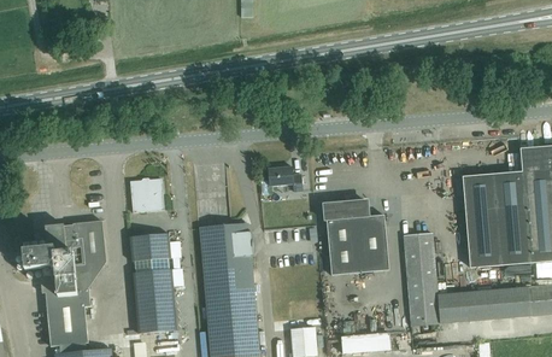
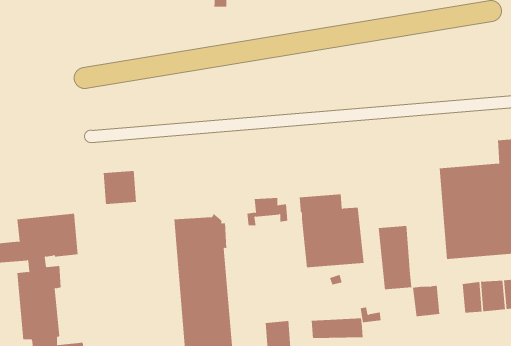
building: [260,166,301,194] -> [247,198,288,226]
building: [129,233,177,333] -> none
building: [462,291,488,321] -> none
building: [409,294,440,333] -> none

